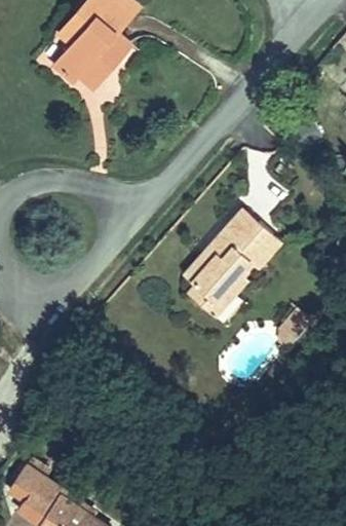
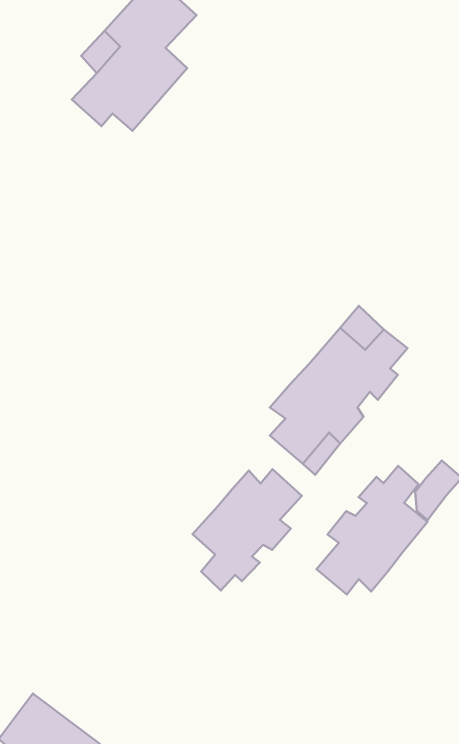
building: none -> [316,466,428,595]
building: none -> [193,469,302,590]

